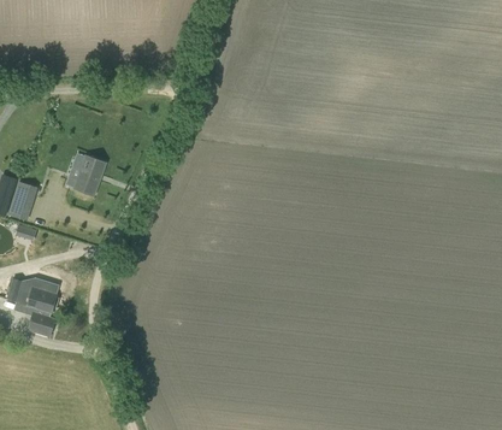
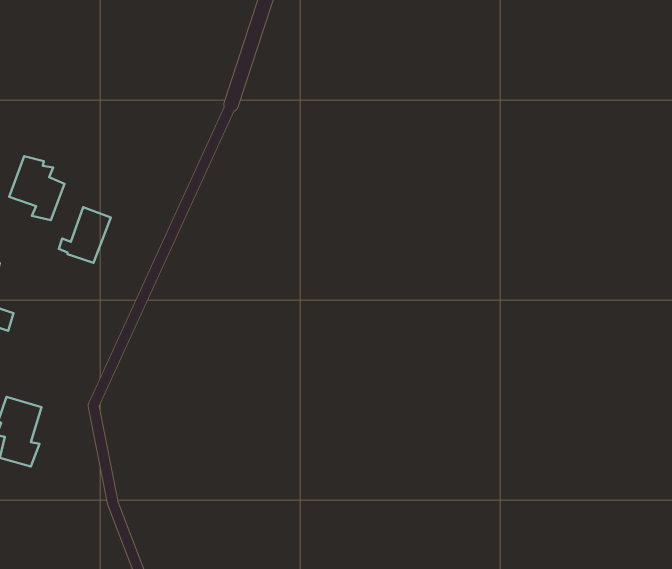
building: none -> [9,156,65,220]

